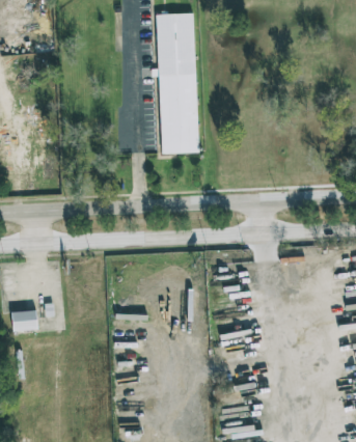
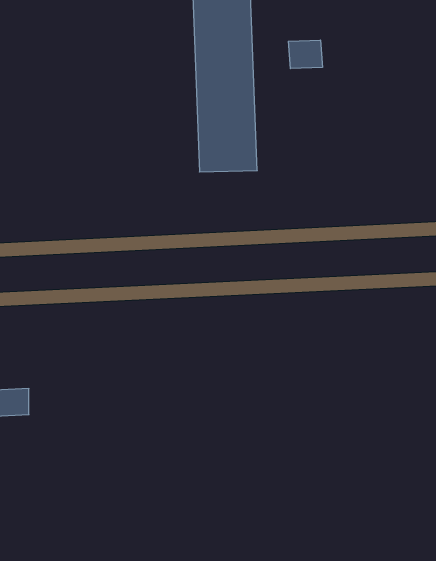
building: none -> [288,40,322,69]

